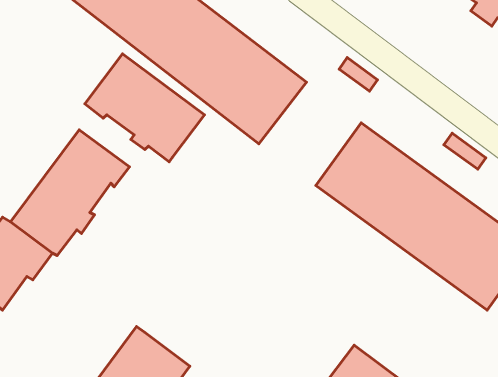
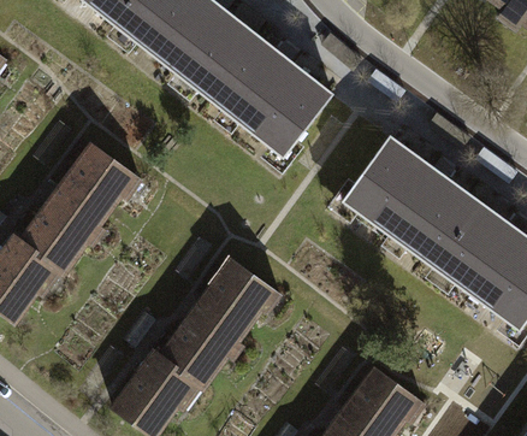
building: [85,54,204,162] -> none
building: none -> [161,255,285,385]

